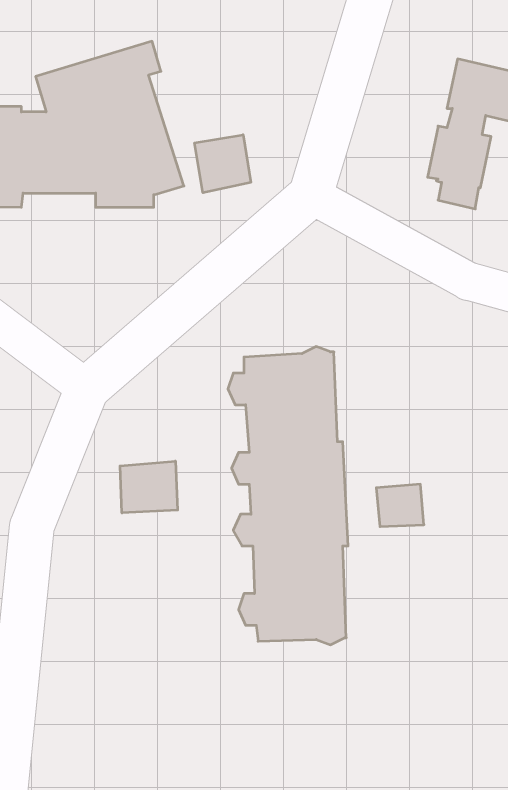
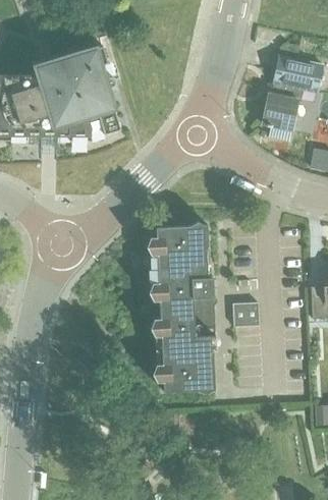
building: [195,135,251,193] -> none
building: [120,461,178,513] -> none

